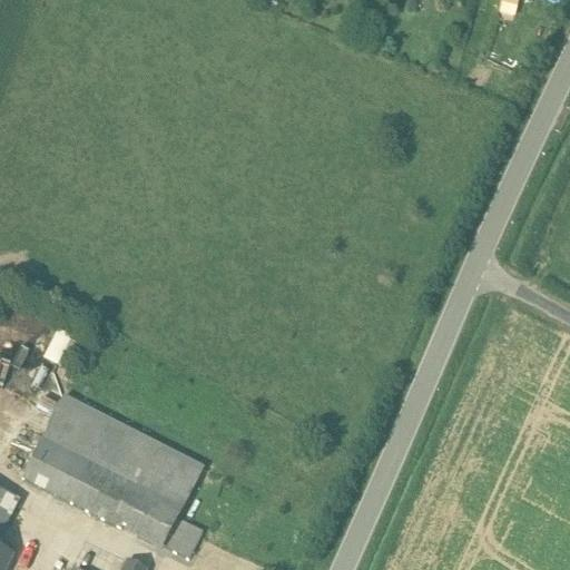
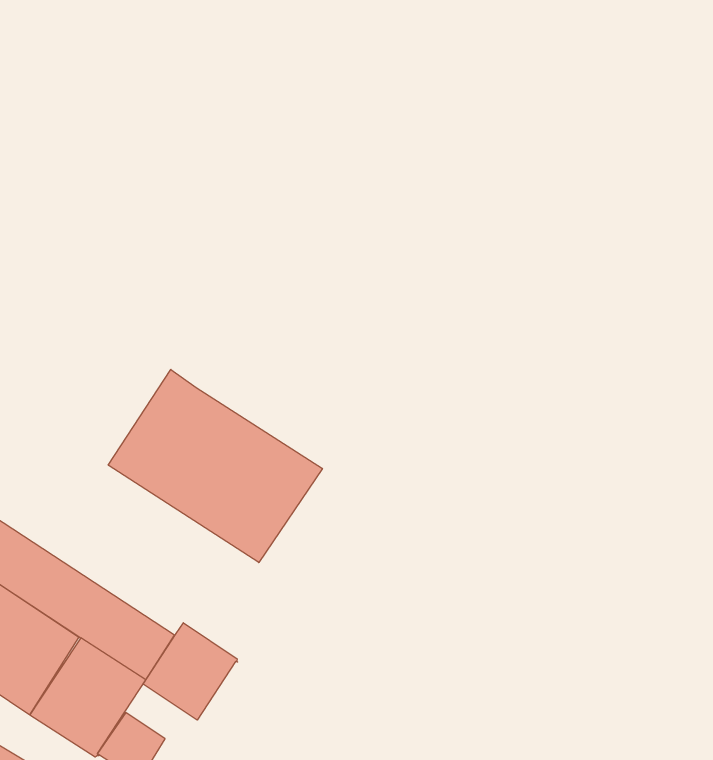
building: none -> [108,369,322,563]
building: none -> [143,623,238,720]

